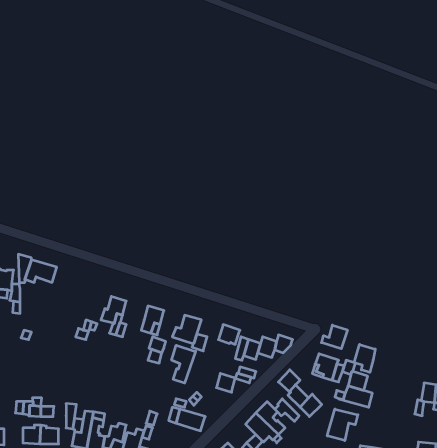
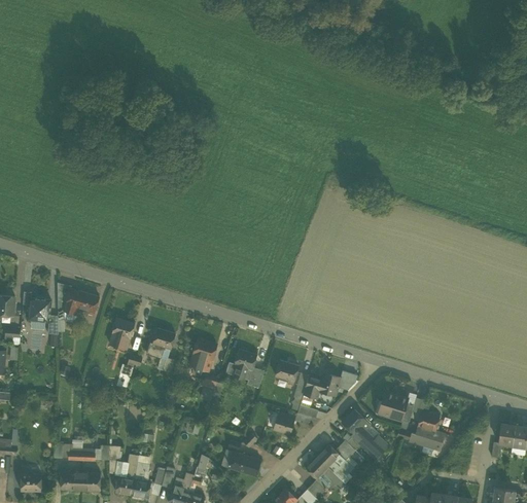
building: none -> [109,319,135,349]
building: [321,325,347,349] -> none
building: [354,344,375,372] -> none
building: [172,345,196,383] -> none
building: [327,409,358,441] -> none

